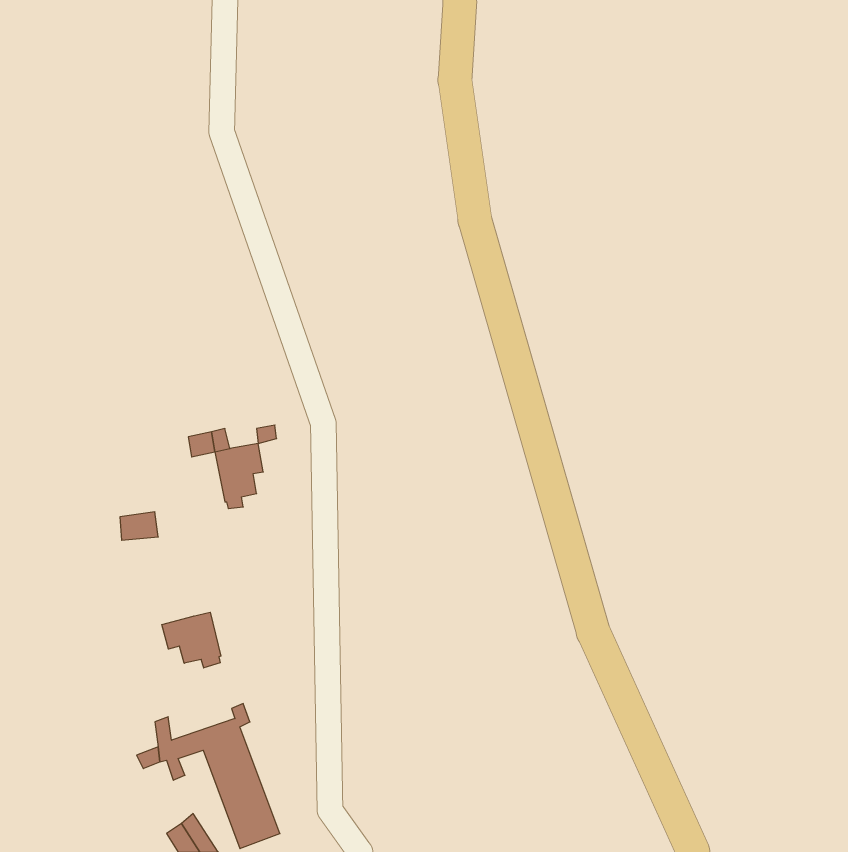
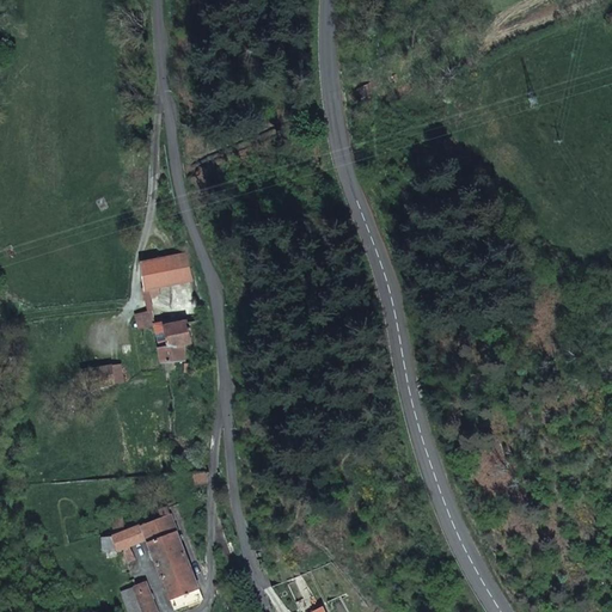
building: none -> [146,253,191,298]
building: [162,612,221,668] -> none

